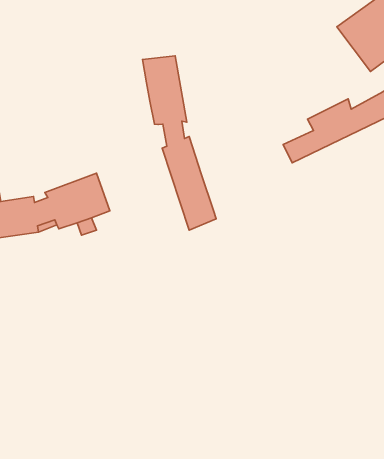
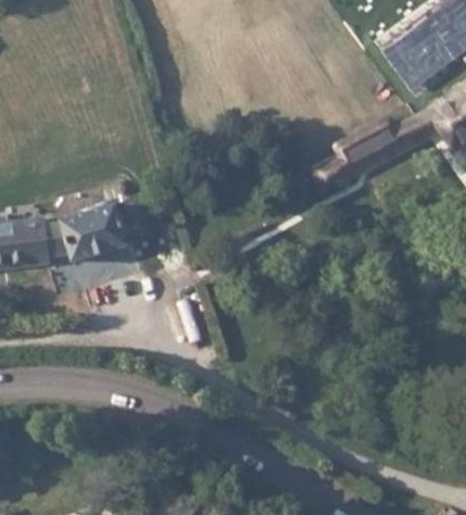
building: [143,56,216,230] -> none

